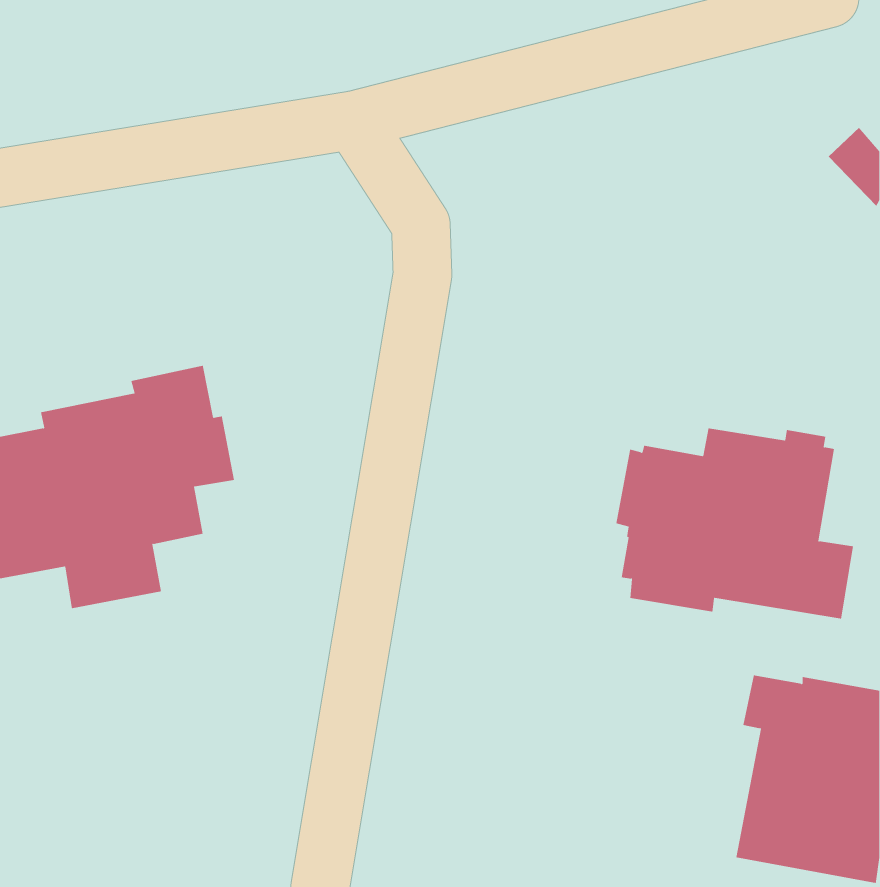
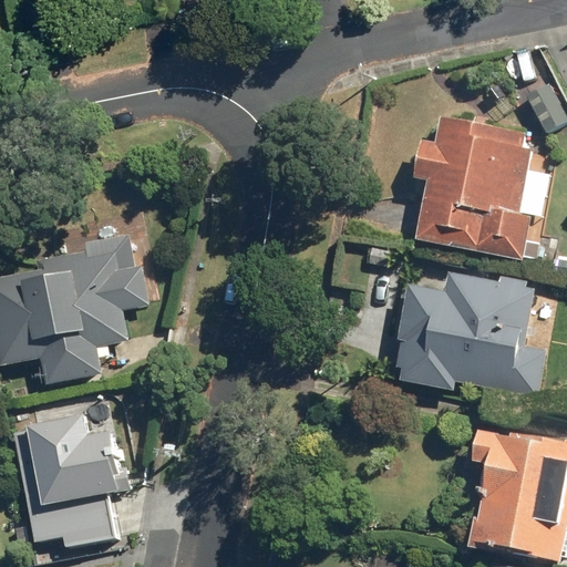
building: none -> [415,116,532,258]
building: none -> [11,416,128,548]

